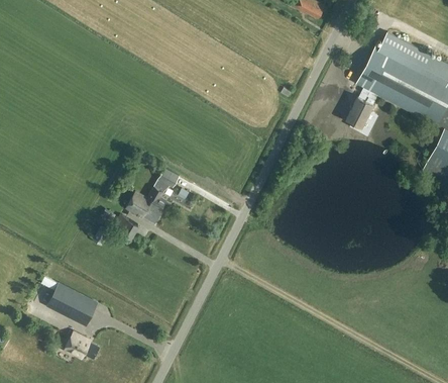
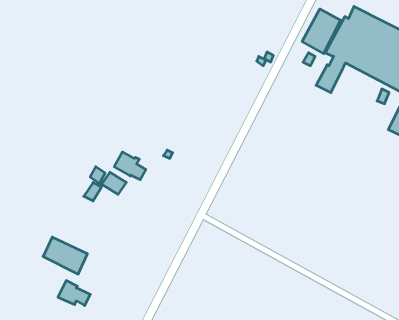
building: none -> [302,9,341,54]
building: [149,168,180,210] -> none

